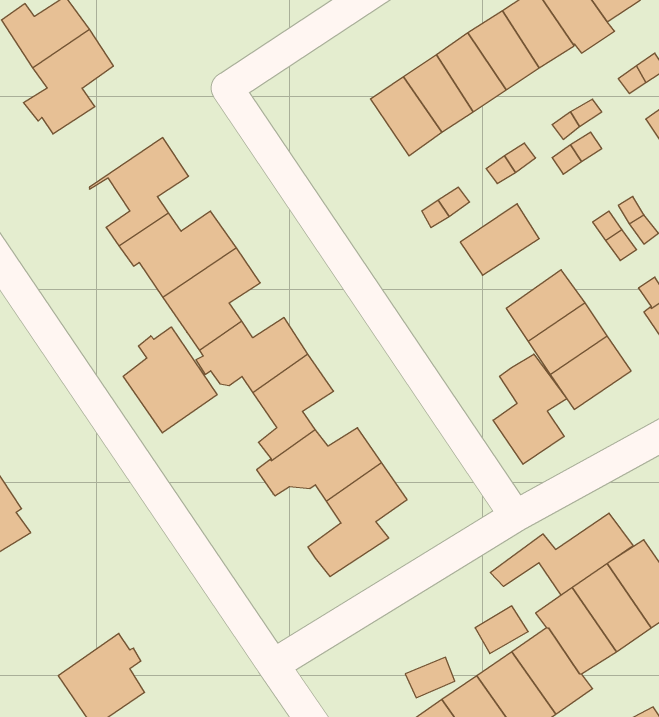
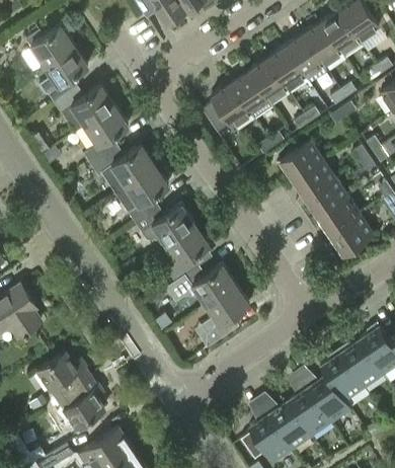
building: none -> [203,83,250,132]
building: none -> [54,85,114,132]
building: none -> [291,160,334,199]
building: [123,327,217,433] -> none
building: [493,354,567,464] -> none
building: [490,513,633,595] -> none
building: none -> [36,352,90,401]

